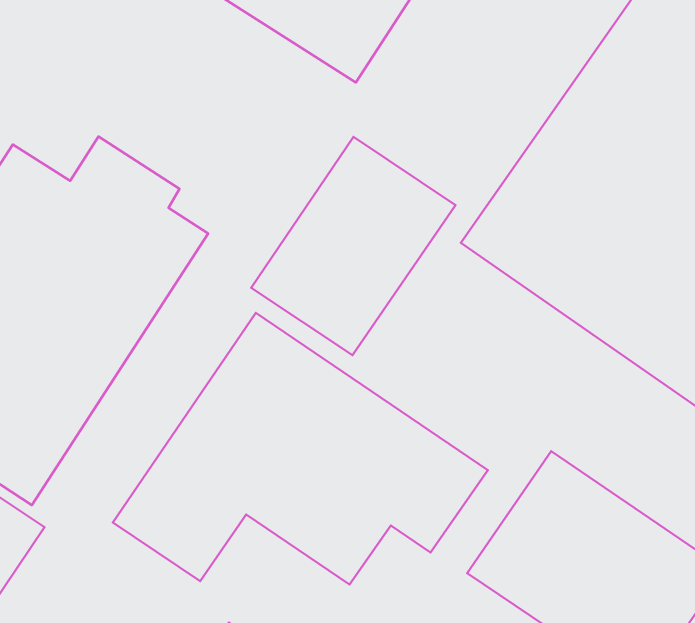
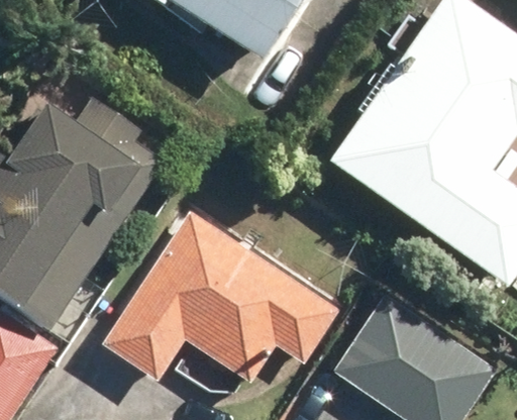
building: [251,137,455,355] -> none

